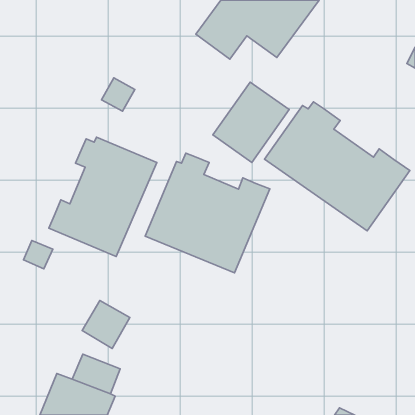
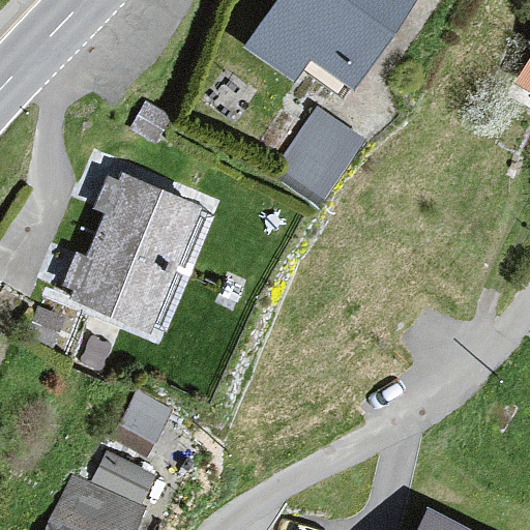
building: [264,102,410,231] -> none
building: [145,153,270,273] -> none

